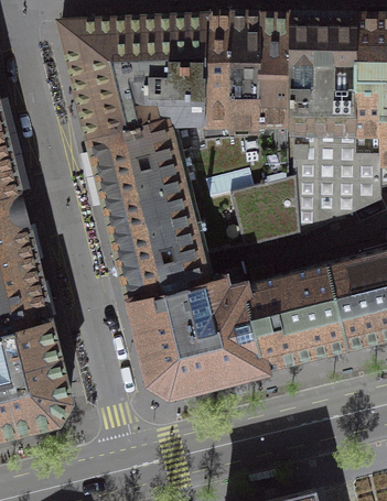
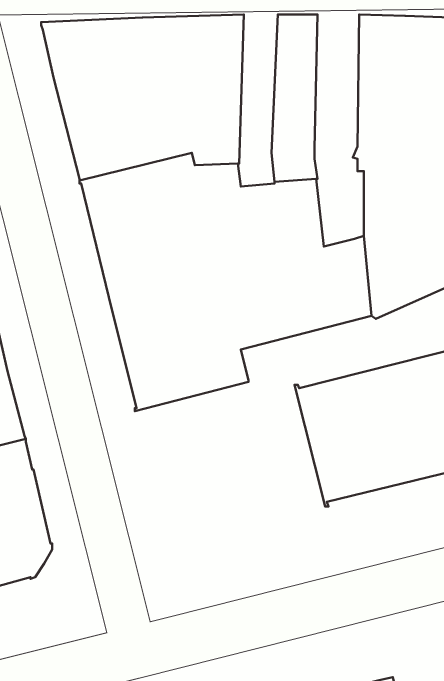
building: [203,18,232,141] -> none
building: [258,18,290,184] -> none
building: [129,275,266,394] -> none

